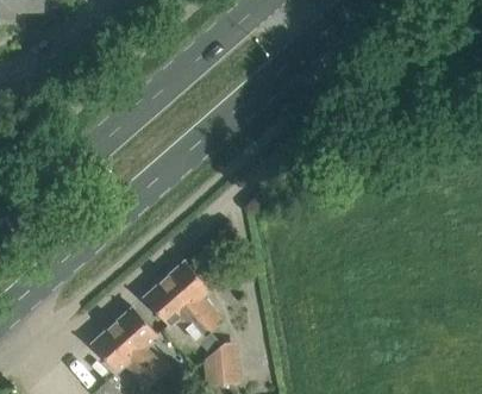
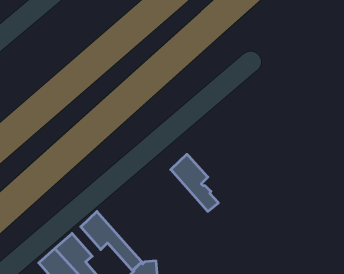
building: [163,261,223,332] -> [171,154,218,211]

